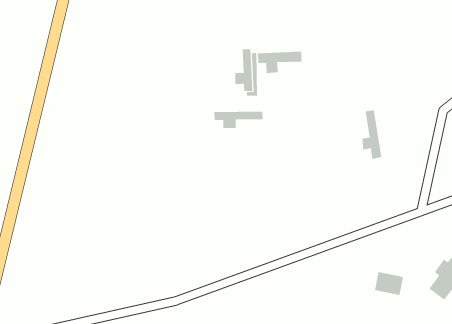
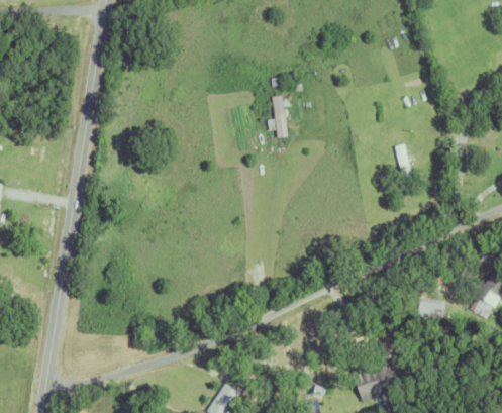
building: [257,51,302,74] -> none
building: [214,111,263,129] -> none

